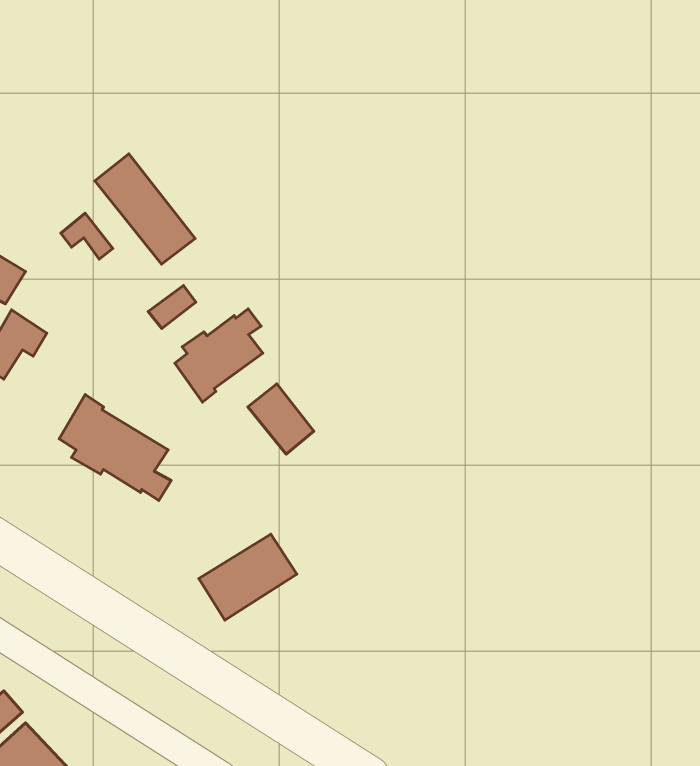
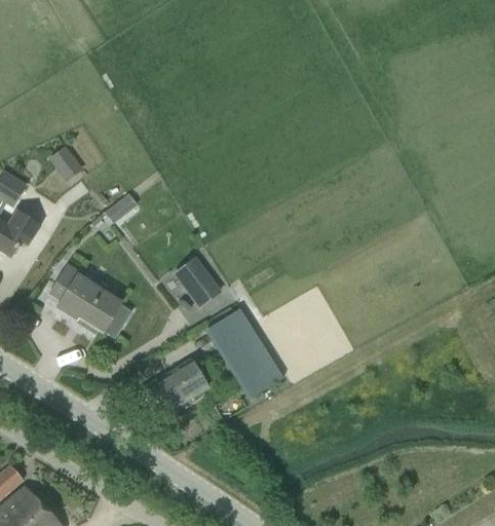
building: [95,154,195,264] -> none
building: [175,309,263,402] -> none
building: none -> [207,308,282,397]

